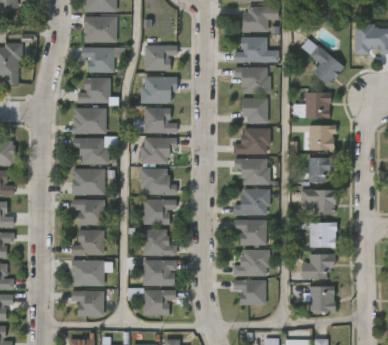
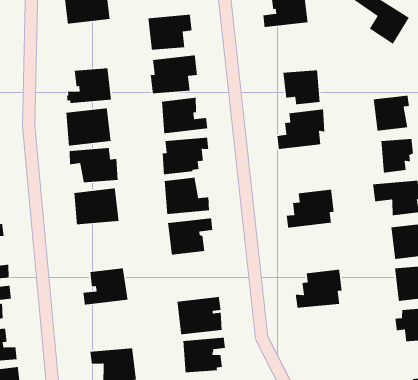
building: [82,47,115,72] -> none
building: [233,67,270,94] -> none
building: [306,92,332,118] -> none
building: [233,159,269,185] -> none
building: [73,199,106,225] -> none
building: [232,220,266,245] -> none
building: [142,229,175,256] -> none
building: [72,260,110,286] -> none
building: [231,280,265,305] -> none

